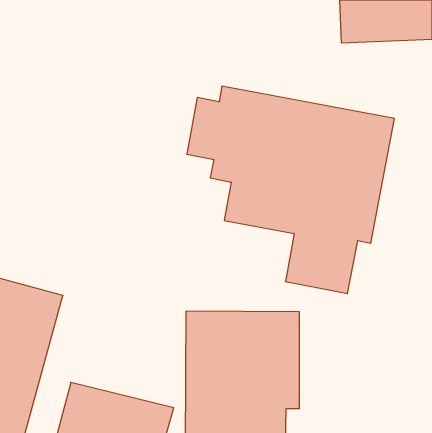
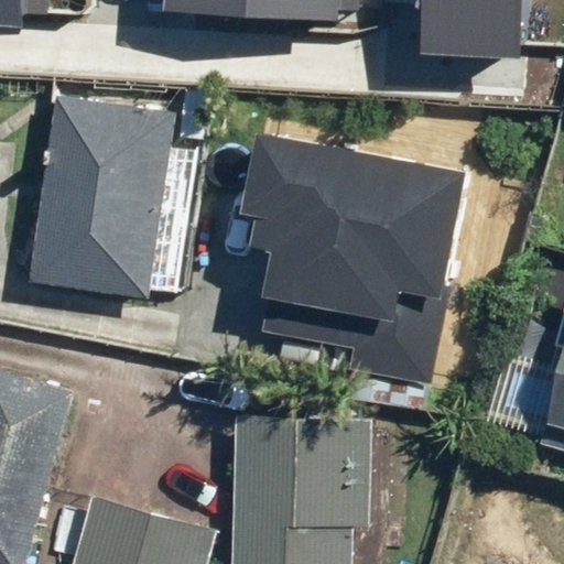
building: none -> [29,102,180,299]

